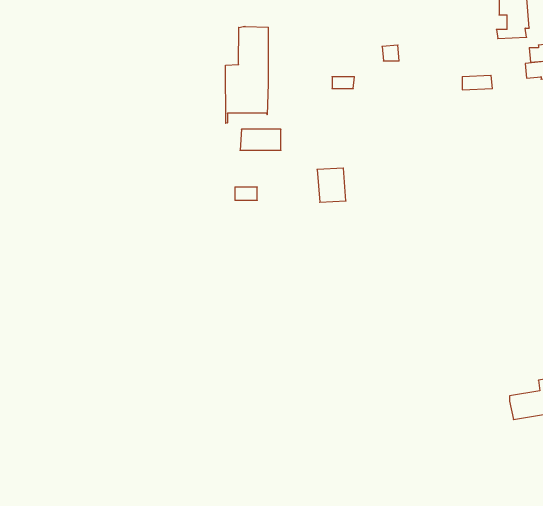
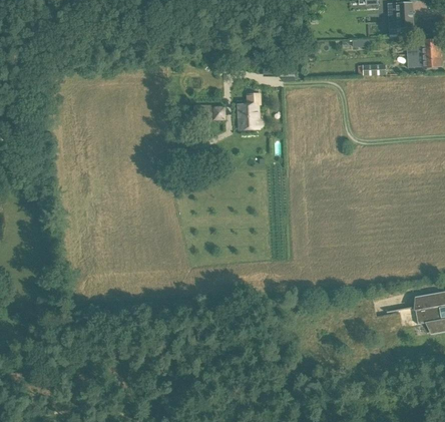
building: [226,26,268,123] -> none
building: [317,168,346,202] -> [237,102,259,128]

